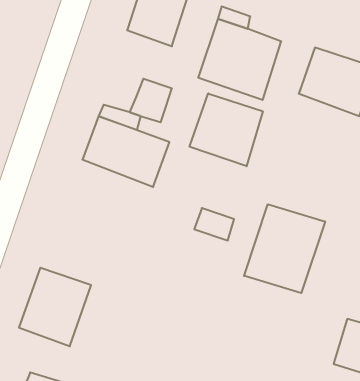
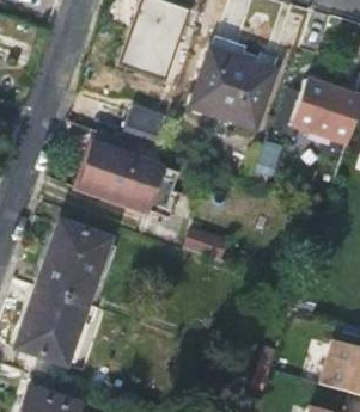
building: [190,93,263,166] -> none
building: none -> [39,223,110,306]
building: [244,204,325,293] -> none

